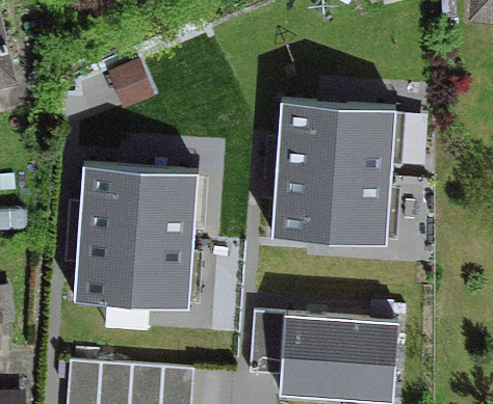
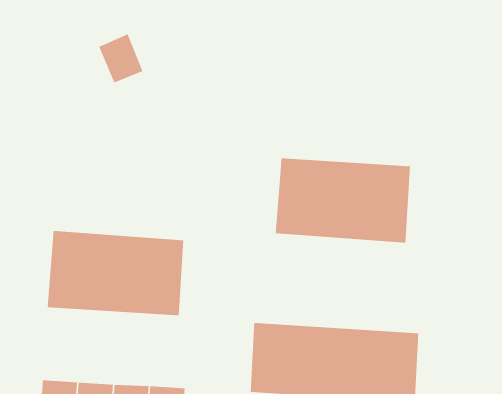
building: [277,102,395,177] -> none
building: [78,165,197,241] -> none

